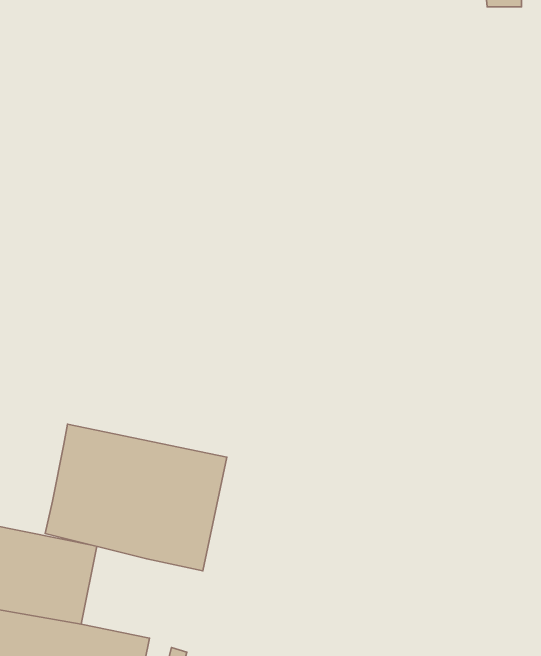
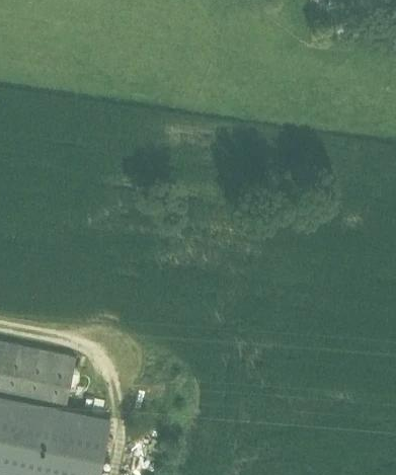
building: [45,424,227,571] -> none

